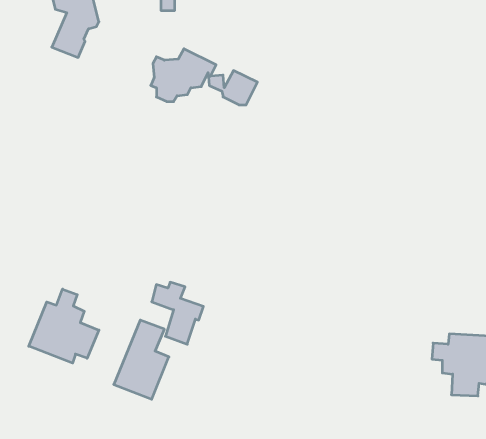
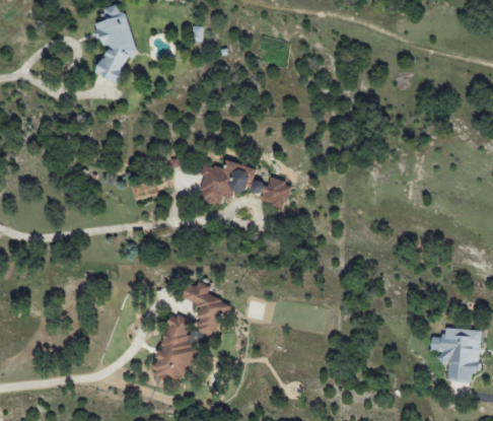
building: [151,49,257,105] -> [199,157,293,207]
building: [29,289,99,363] -> none

